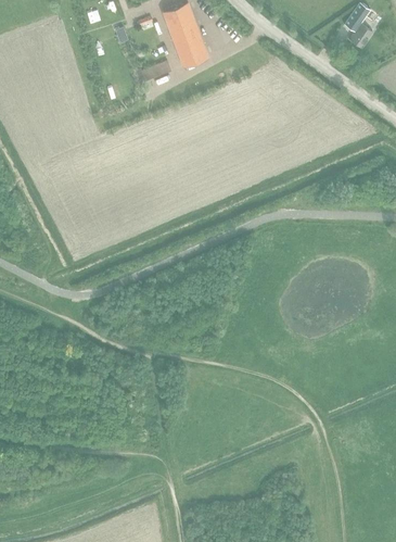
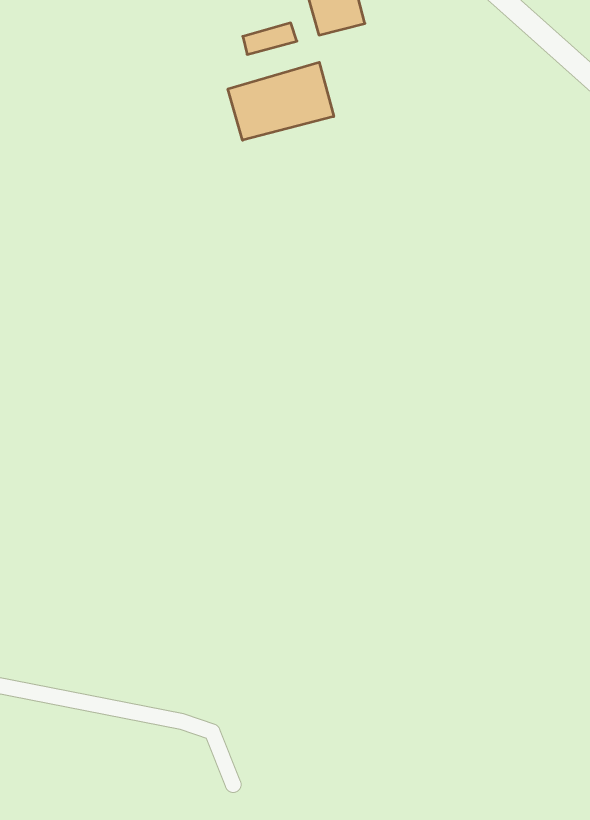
building: none -> [228,62,334,140]

